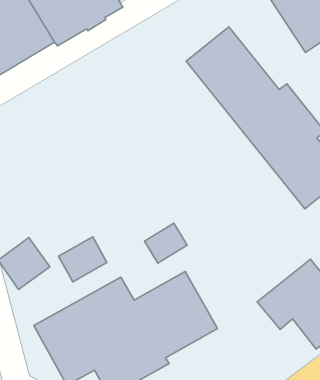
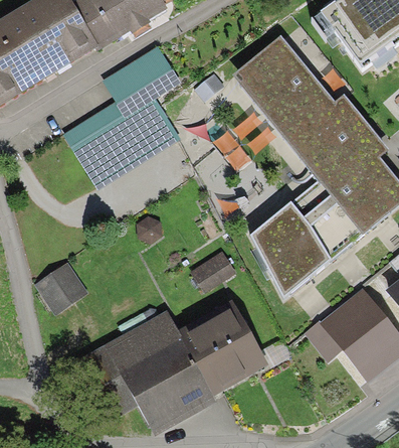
building: none -> [59,46,180,191]
building: none -> [252,180,359,295]
building: [59,237,107,282] -> none

